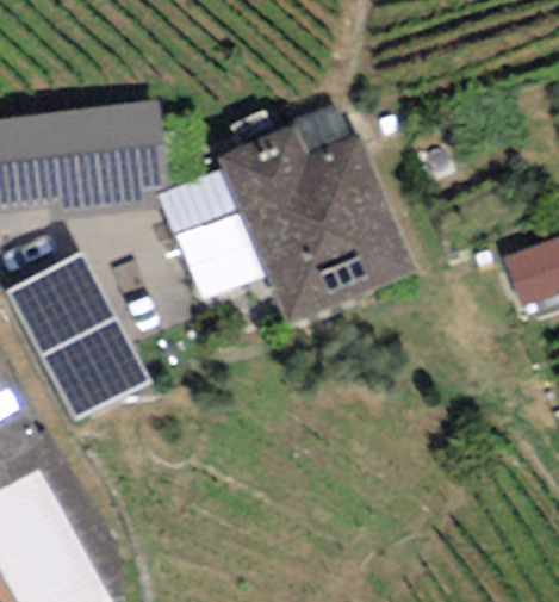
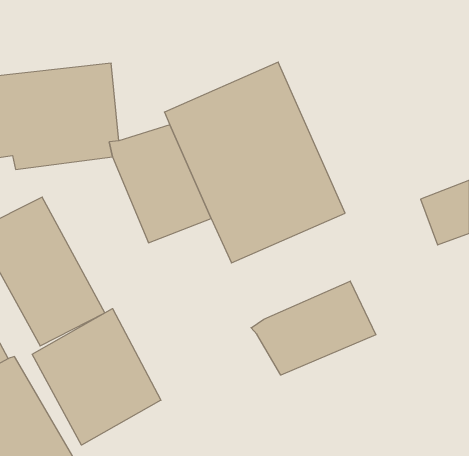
building: none -> [251,281,376,375]
building: none -> [32,309,161,445]

